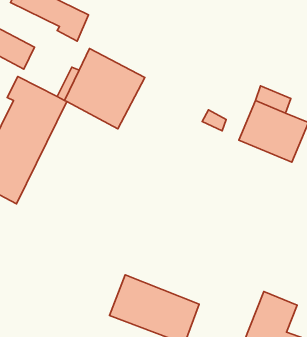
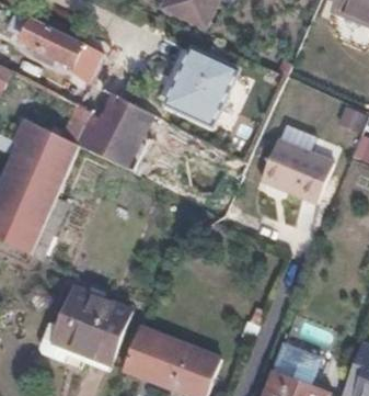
building: none -> [171,48,238,123]
building: none -> [35,292,129,373]

